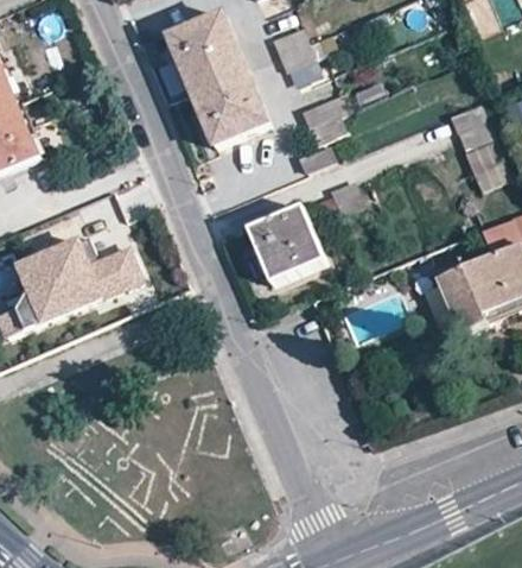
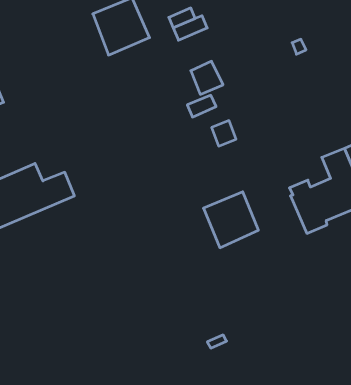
building: [186,65,265,145] -> none
building: [444,103,498,170] -> none
building: [246,207,320,283] -> [203,192,258,248]

